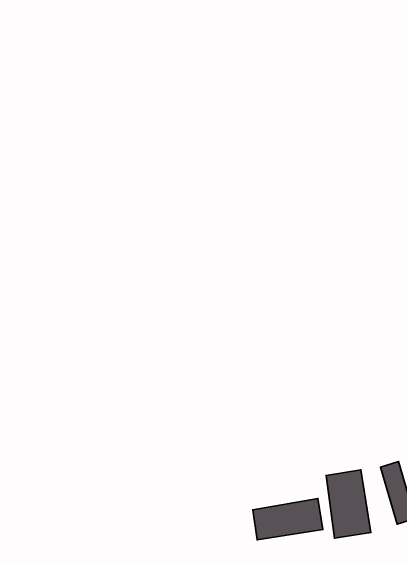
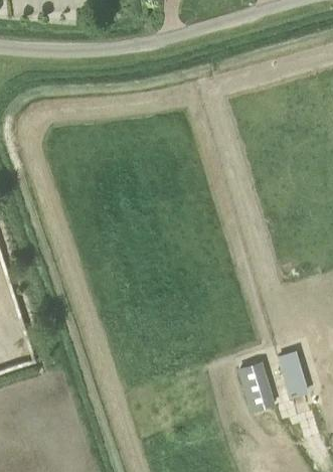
building: [253,498,323,540] -> none

